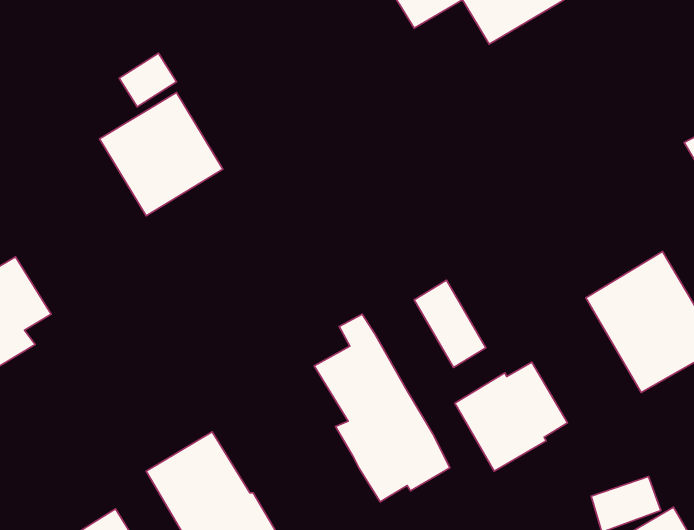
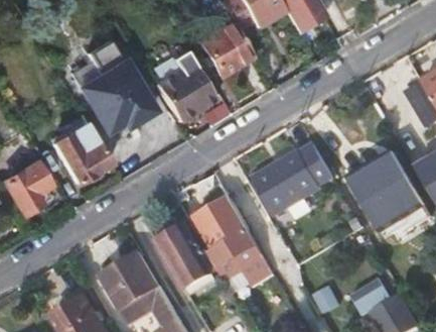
building: none -> [193,20,248,77]
building: none -> [154,67,211,123]
building: none -> [46,124,105,185]
building: [455,362,567,471] -> [270,144,333,206]
building: none -> [158,224,217,287]

